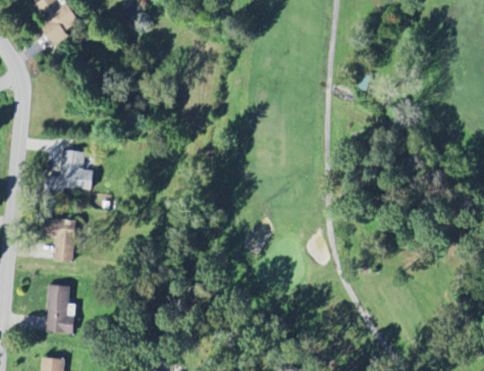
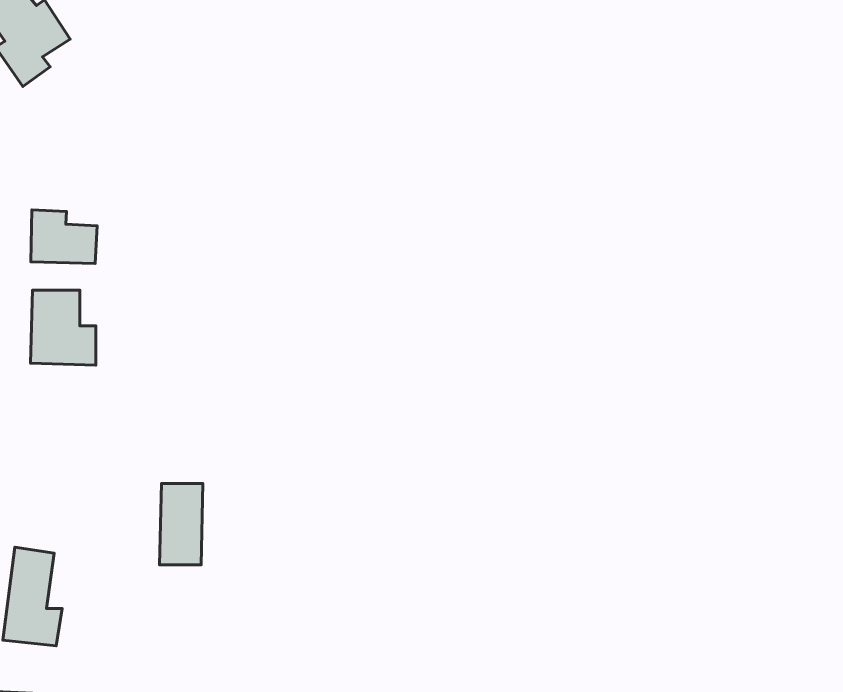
building: none -> [31,210,97,263]
building: [52,219,74,261] -> [160,484,203,565]

